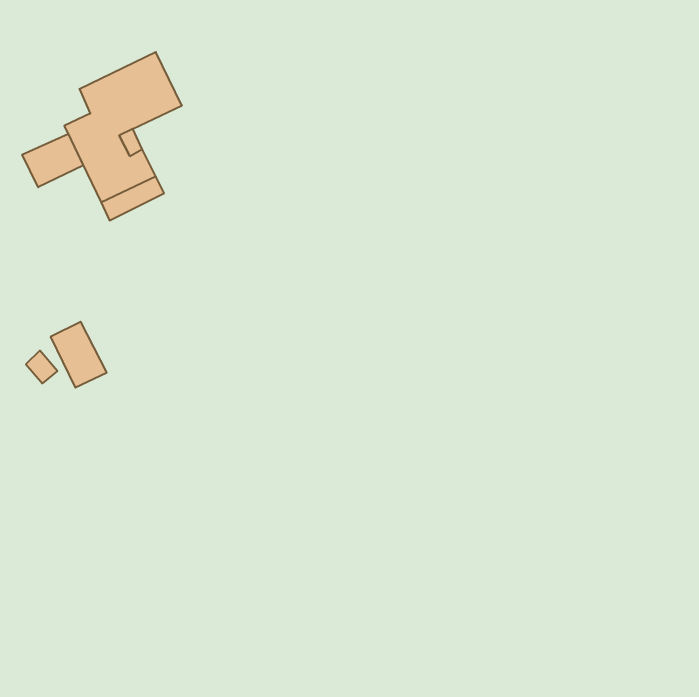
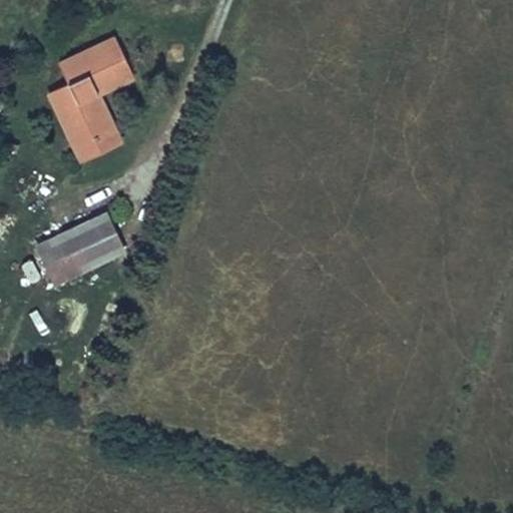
building: [22,134,83,187] -> none
building: none -> [59,212,124,273]

